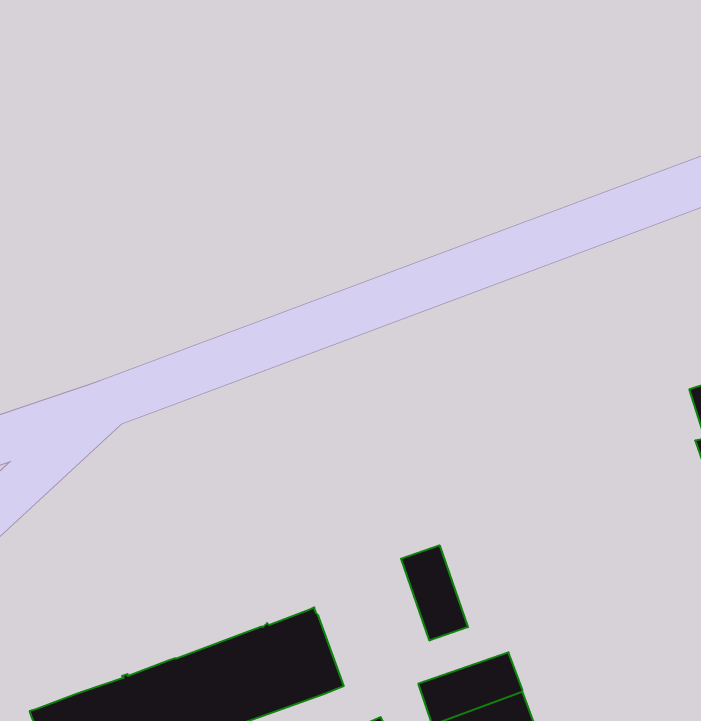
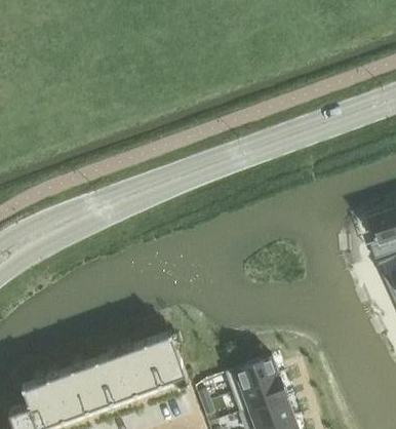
building: [401,545,468,641] -> none

